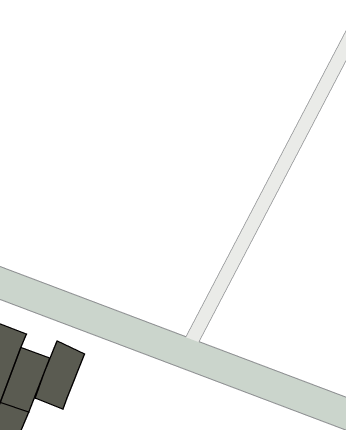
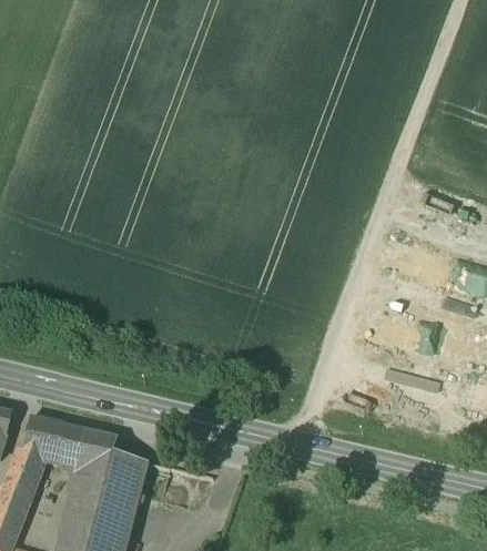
building: [35,341,84,409] -> none

